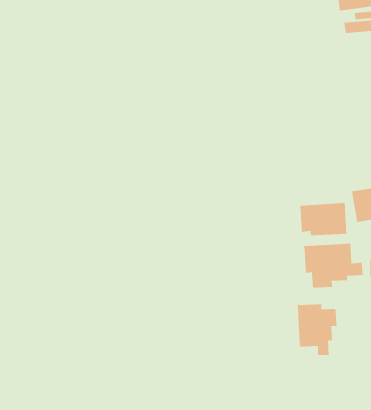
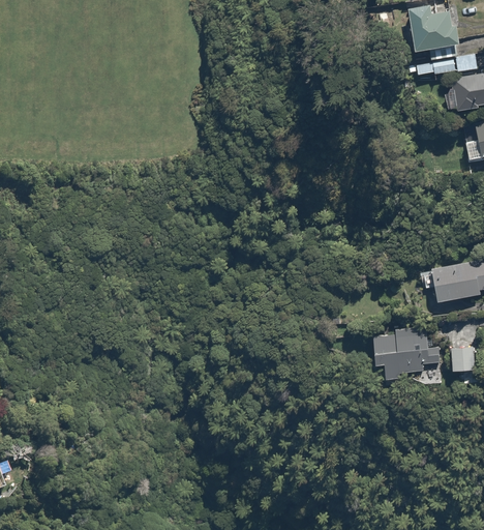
building: [300,202,347,236] -> none
building: [297,303,337,356] -> none

